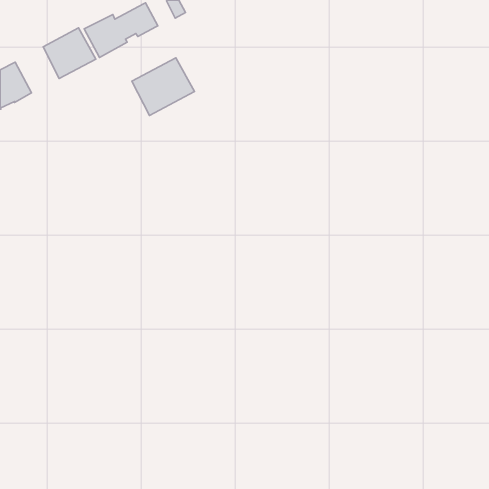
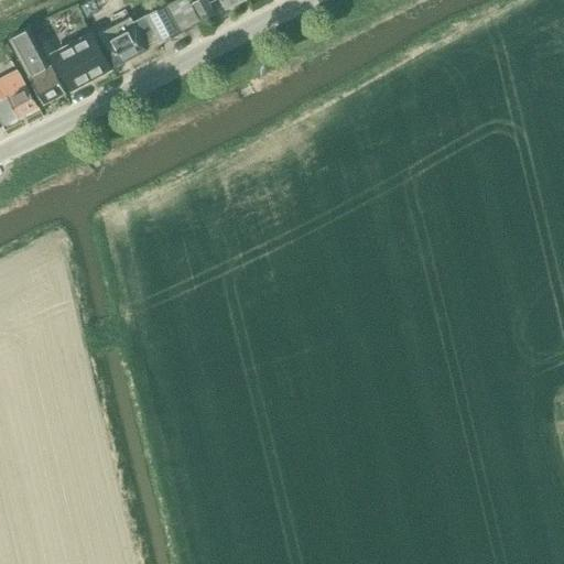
building: none -> [9,28,64,105]
building: [132,58,194,116] -> none

